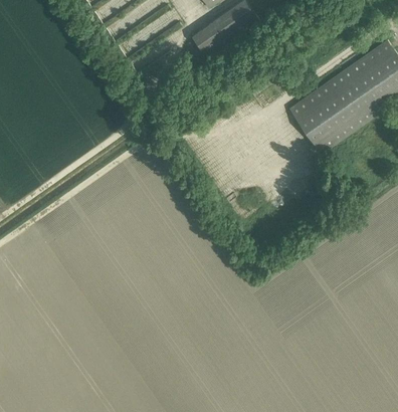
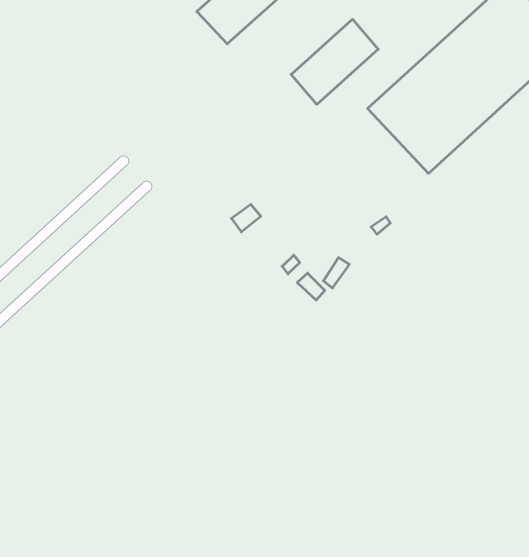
building: none -> [291,19,378,104]

